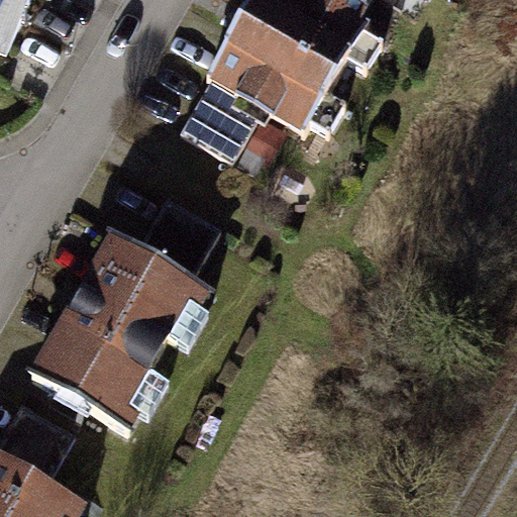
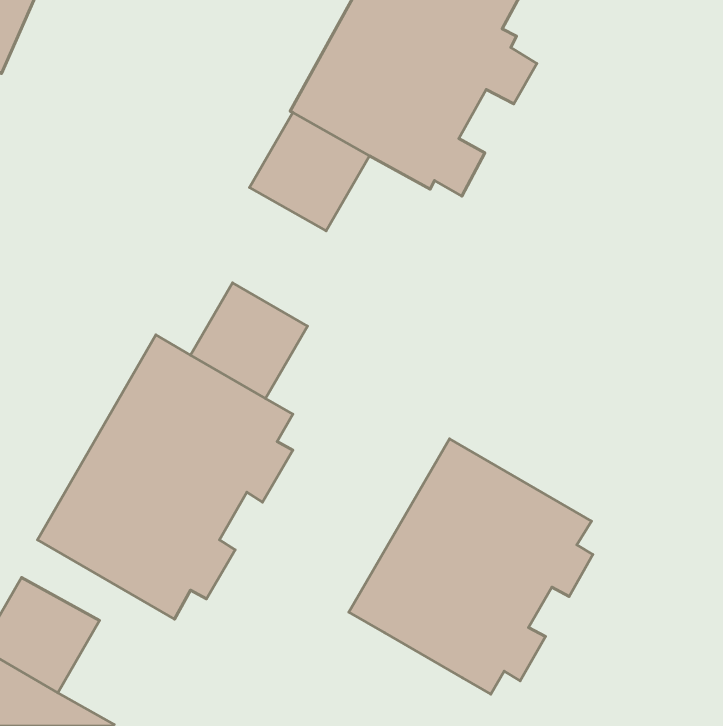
building: none -> [349,439,593,694]

